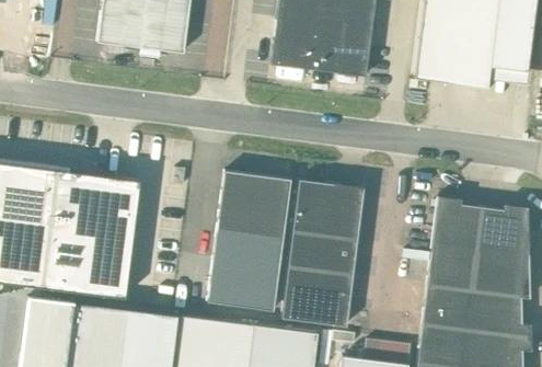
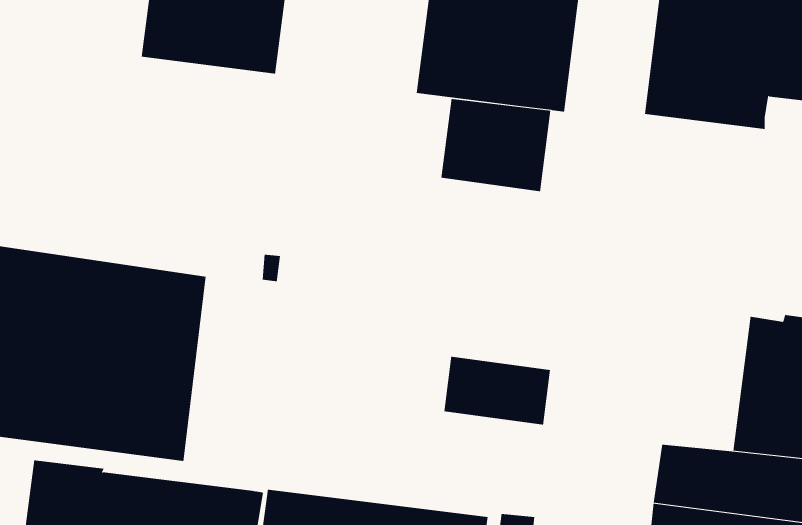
building: [207,171,290,311] -> none
building: [292,181,362,240] -> [440,98,551,192]
building: [426,196,482,291] -> none
building: [281,266,351,326] -> none

